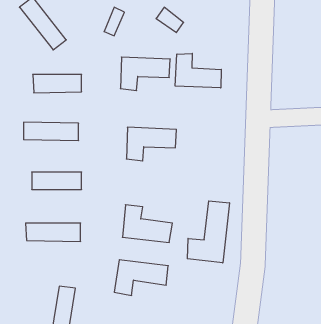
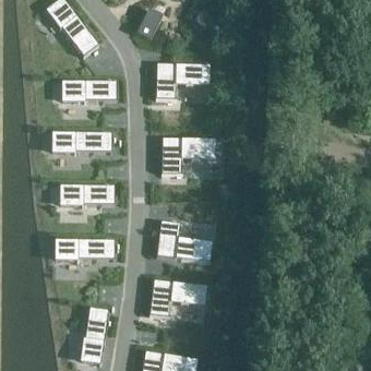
building: [175,53,221,88] -> none
building: [187,201,229,263] -> none

